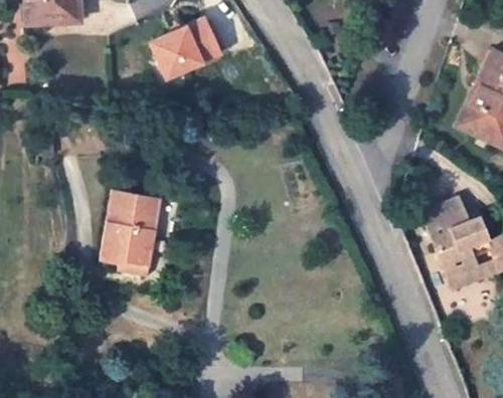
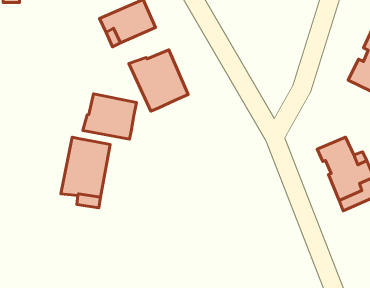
building: none -> [129,50,188,111]
building: none -> [83,94,137,139]

